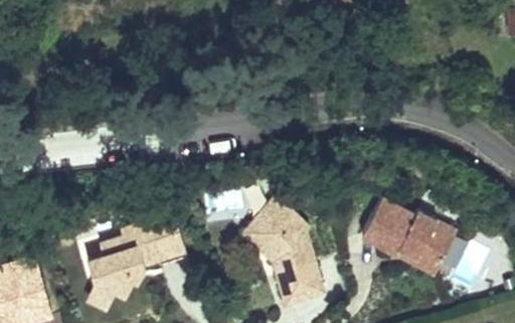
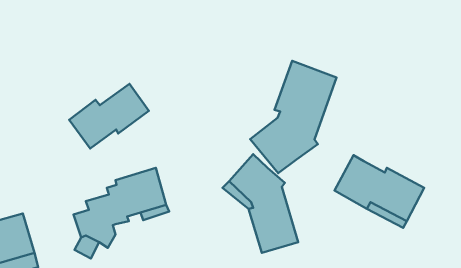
building: none -> [250,61,336,173]
building: none -> [69,84,149,149]

